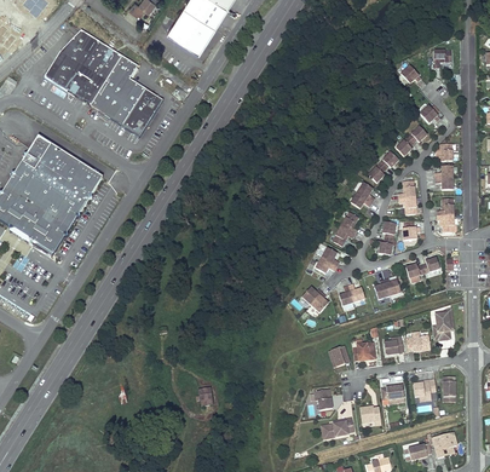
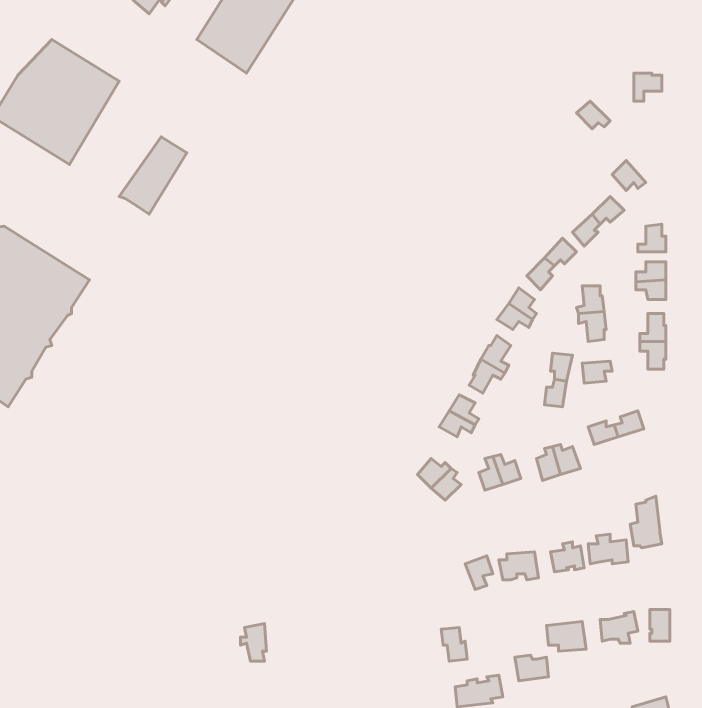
building: [91,54,146,125] -> none

